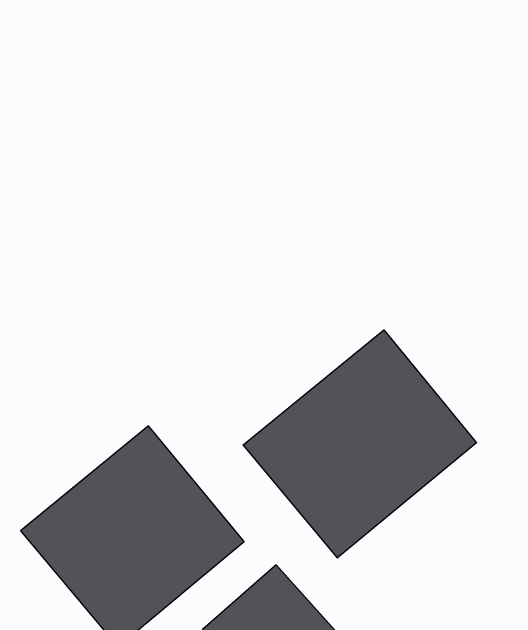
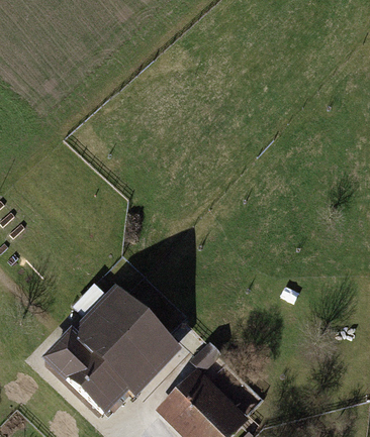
building: [243,330,476,558] -> none

